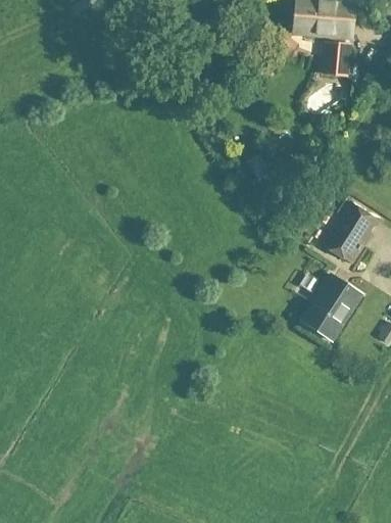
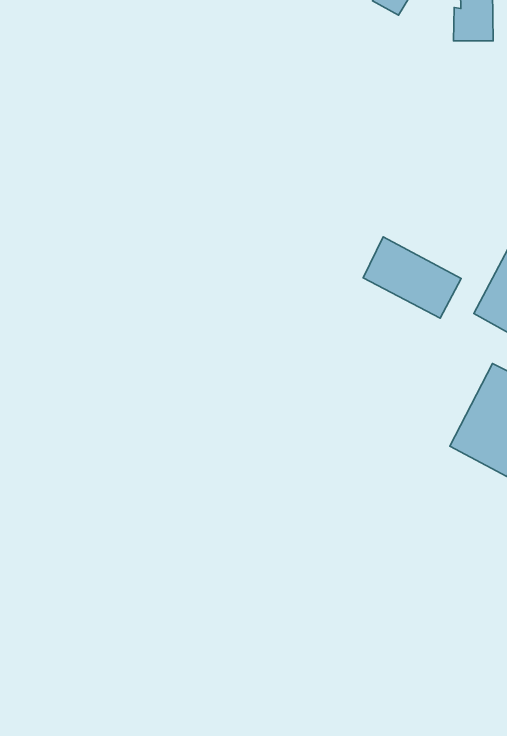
building: none -> [363,237,461,318]

